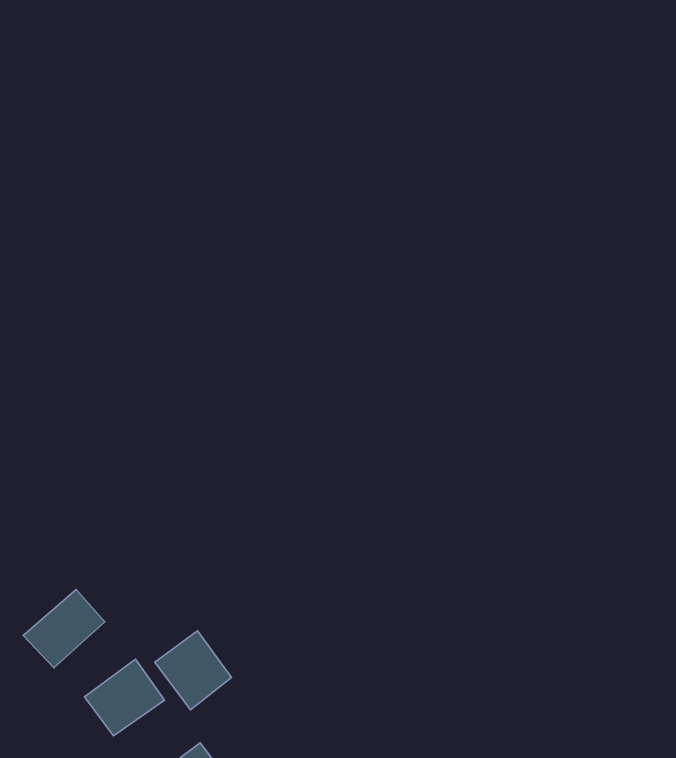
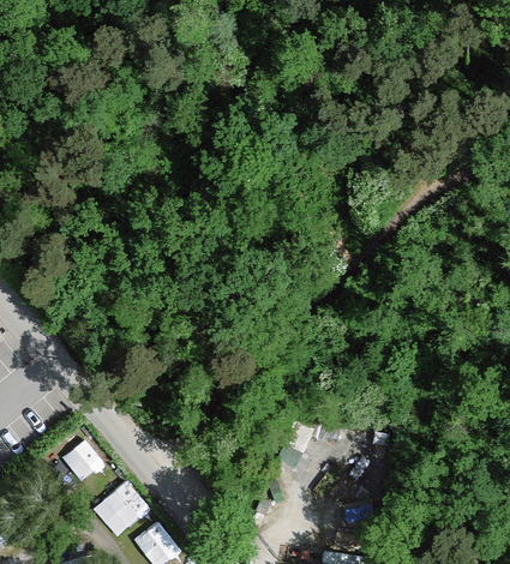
building: [155,631,232,710] -> none

